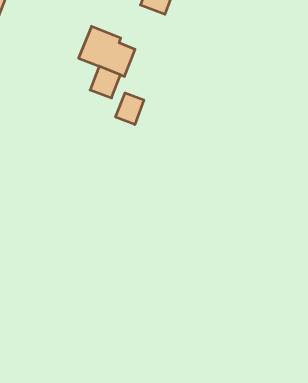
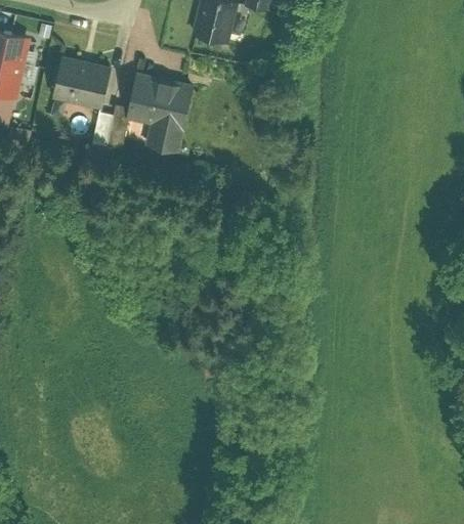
building: none -> [51,55,114,110]
building: [116,93,144,125] -> none

